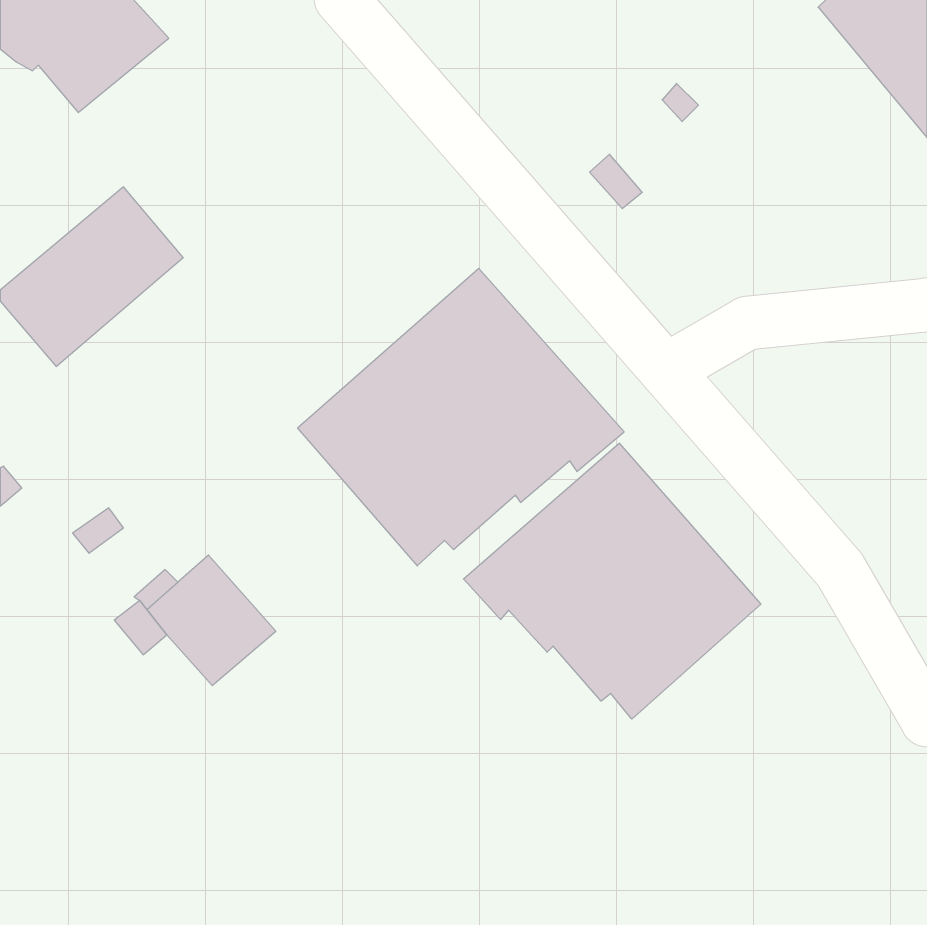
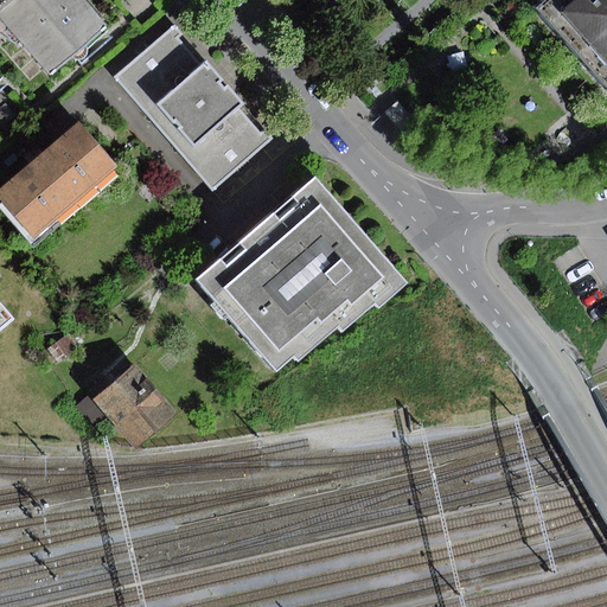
building: none -> [113,25,276,193]
building: [463,443,761,719] -> none

